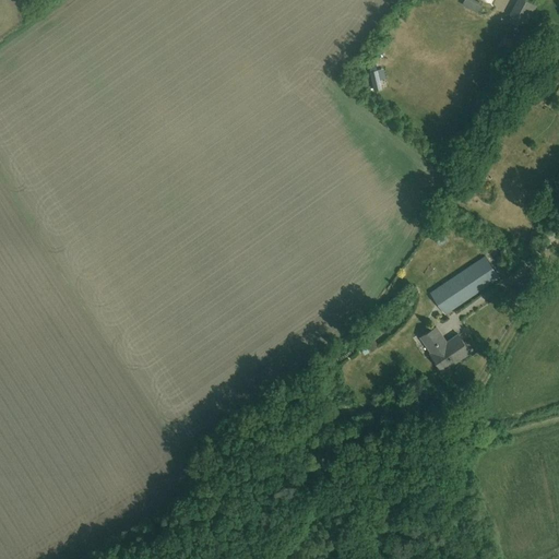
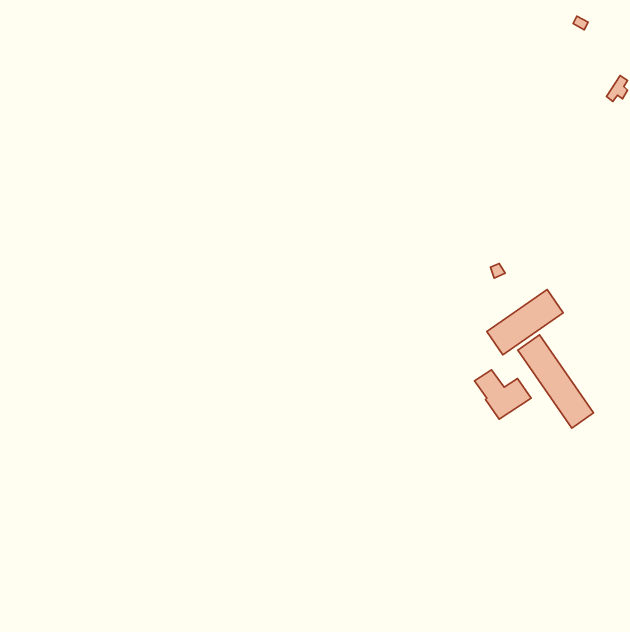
building: none -> [518,335,594,428]

